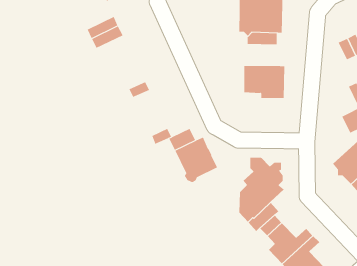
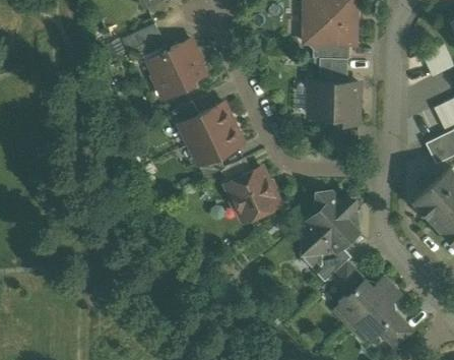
building: none -> [150,40,204,97]
building: none -> [320,58,347,82]
building: none -> [181,103,244,164]

